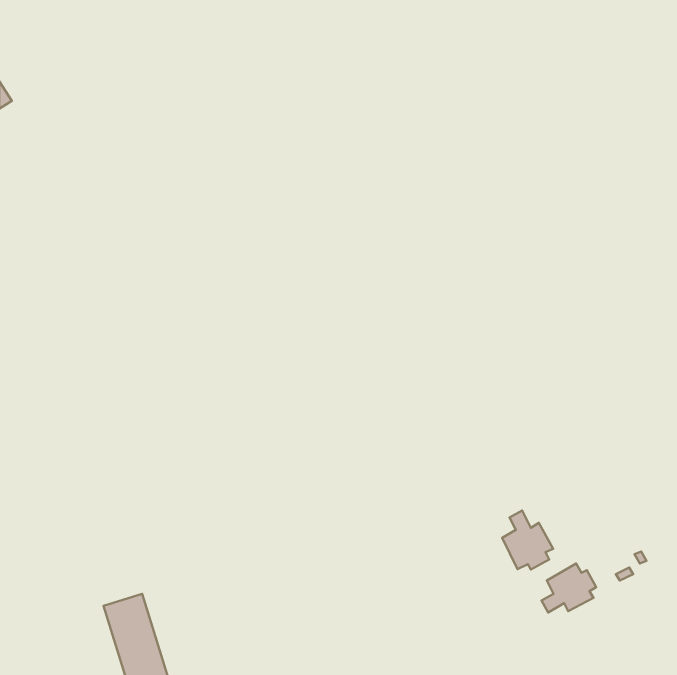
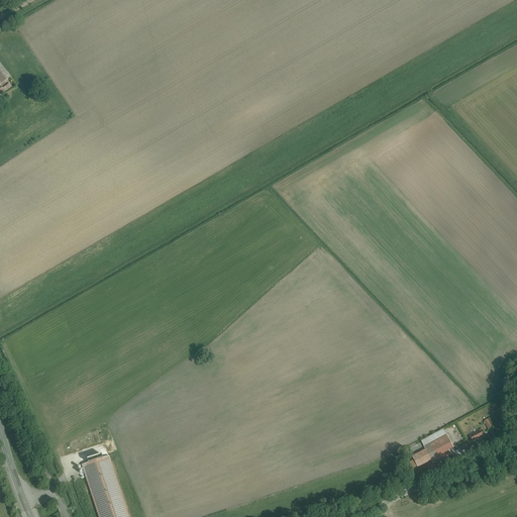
building: [502,511,553,569] -> none

